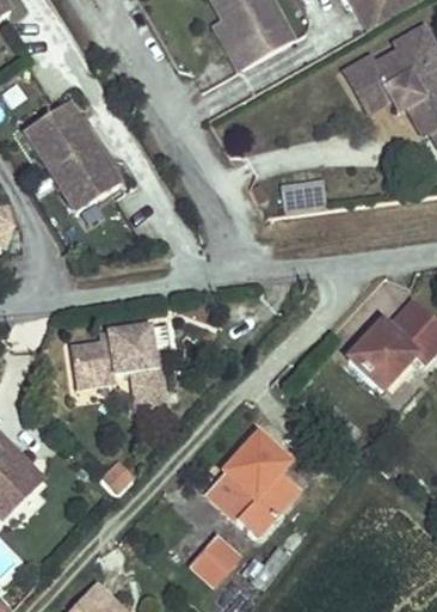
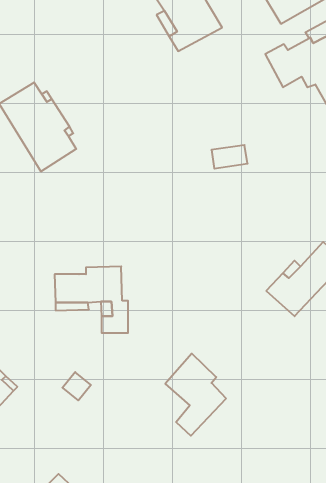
building: [207,472,254,519] -> none
building: [190,538,236,585] -> none

